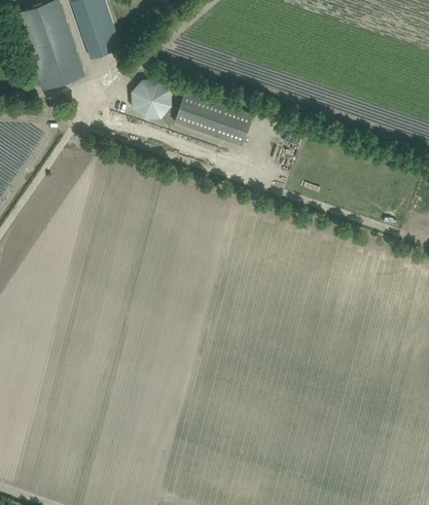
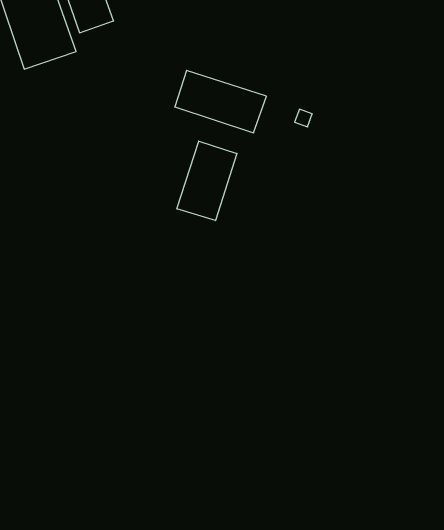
building: [131,79,171,119] -> none
building: none -> [177,141,237,221]

